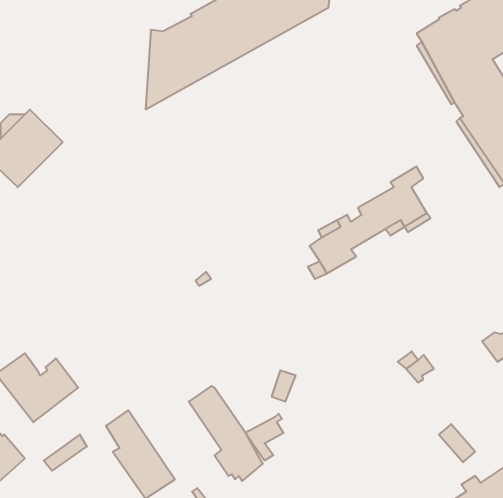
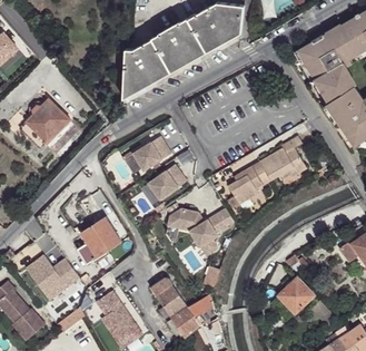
building: none -> [132,135,171,169]
building: none -> [148,164,187,199]
building: none -> [168,207,234,254]
building: none -> [77,216,121,264]
building: none -> [278,277,314,312]

